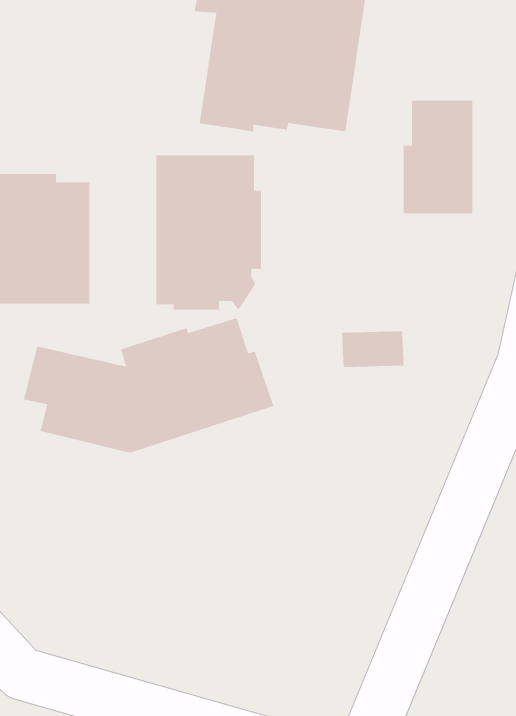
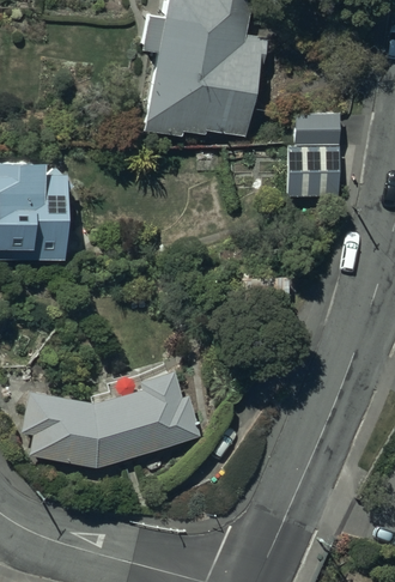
building: [156,154,261,311] -> none
building: [23,318,274,453] -> [23,371,202,468]

